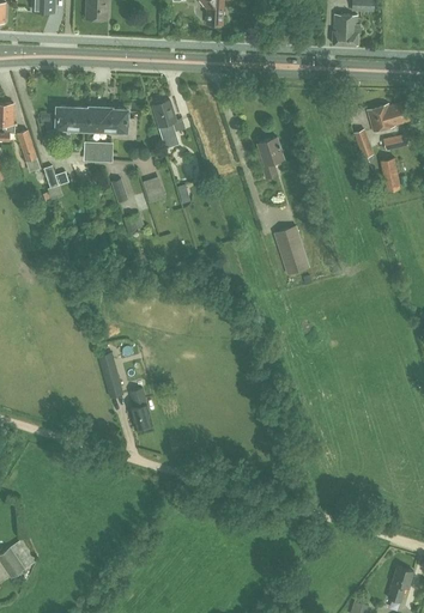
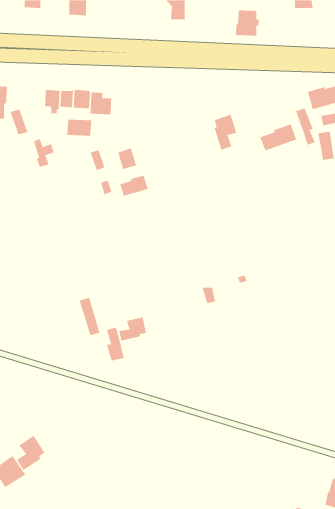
building: [331,13,359,44] -> [235,10,259,36]
building: [152,99,184,146] -> none
building: none -> [260,124,297,151]
building: none -> [119,175,148,197]
building: [272,224,309,274] -> none
building: none -> [119,317,146,341]
building: none -> [16,435,45,471]

